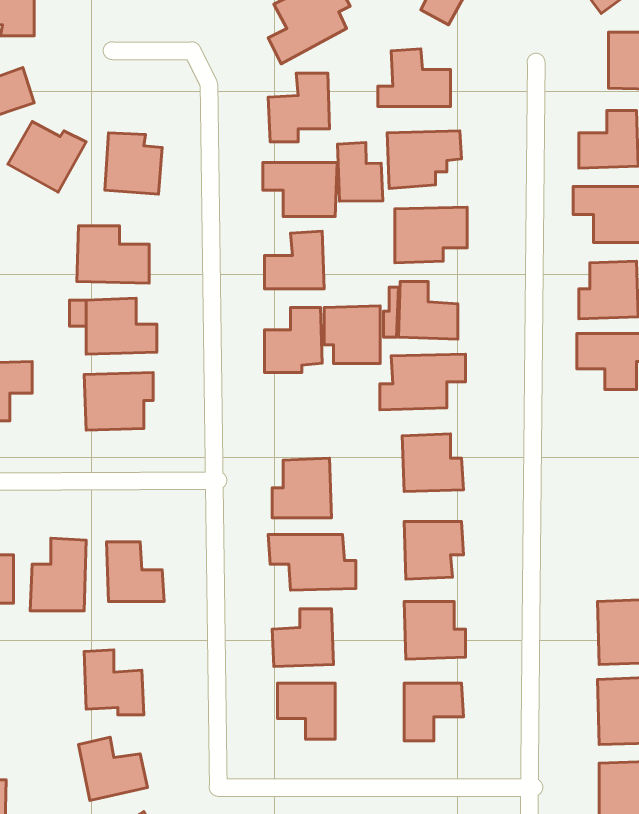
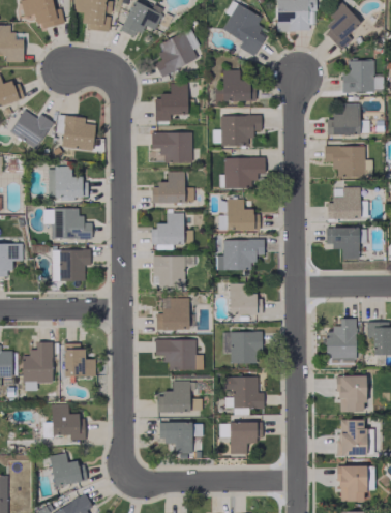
building: [338,142,383,201] -> none
building: [324,306,380,363] -> [153,255,184,288]
building: none -> [326,319,356,365]

